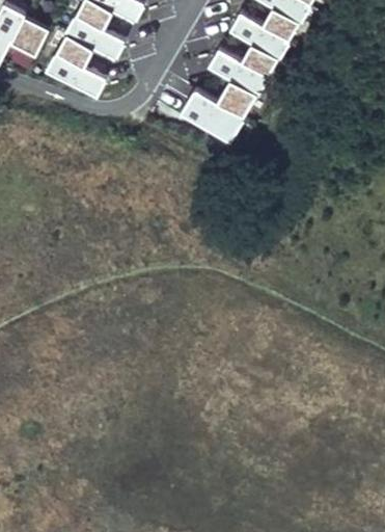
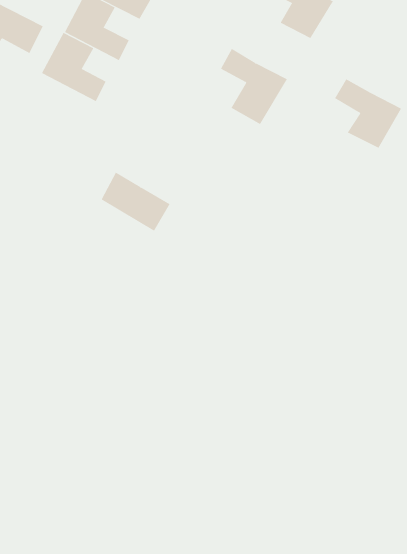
building: [228,14,290,77] -> [334,79,402,149]
building: [181,89,244,143] -> [101,172,171,232]

